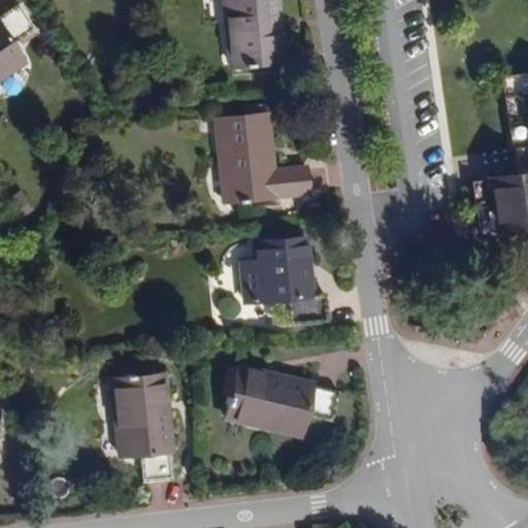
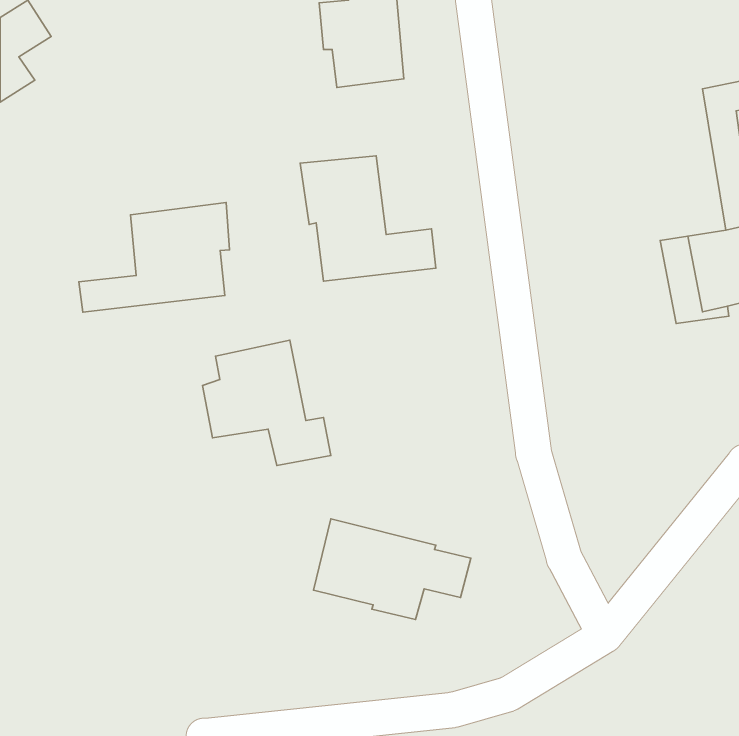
building: none -> [79,203,230,312]
building: [237,240,328,329] -> [202,340,331,466]
building: [118,374,169,481] -> none

